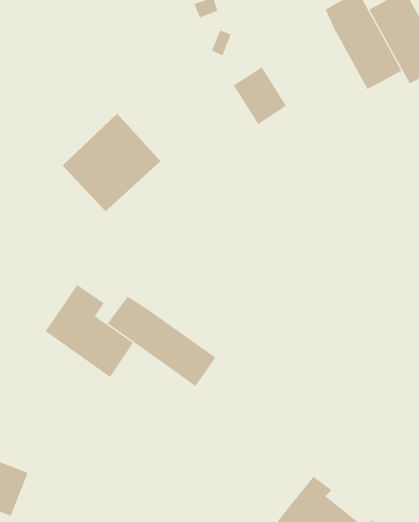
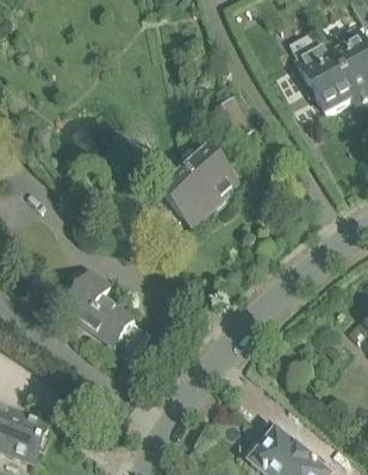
building: [62,113,161,212] -> [157,146,238,227]
building: [107,296,216,397] -> none

